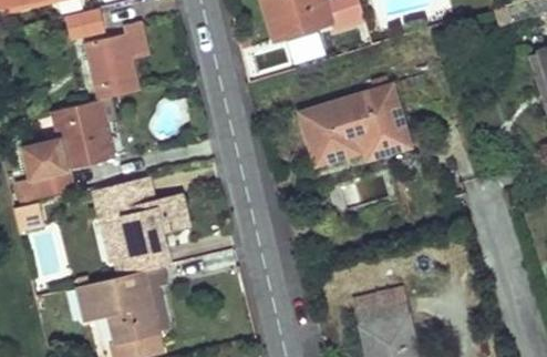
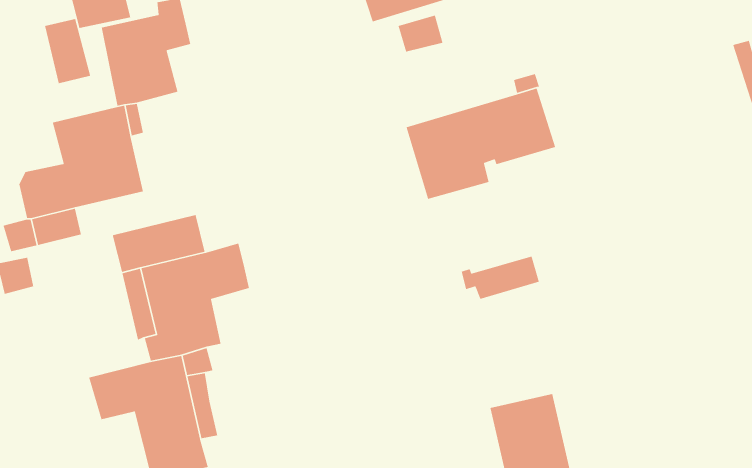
building: none -> [44,18,91,84]
building: [354,126,410,157] -> [461,255,540,300]

